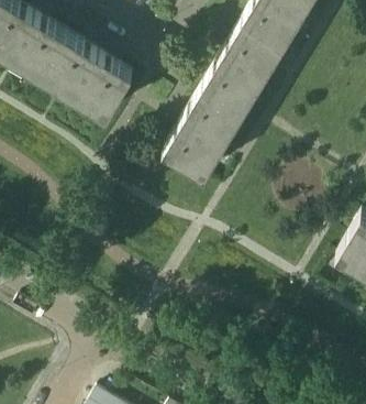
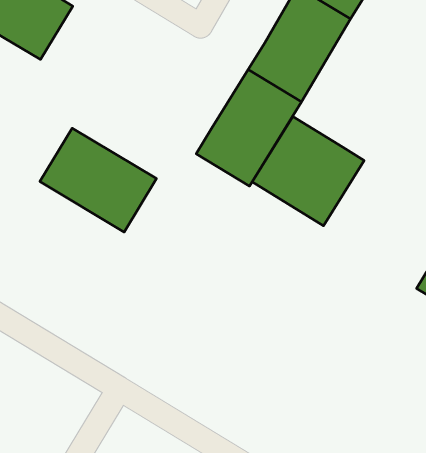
building: [44,34,135,116] -> [40,128,156,232]
building: none -> [252,117,364,226]

